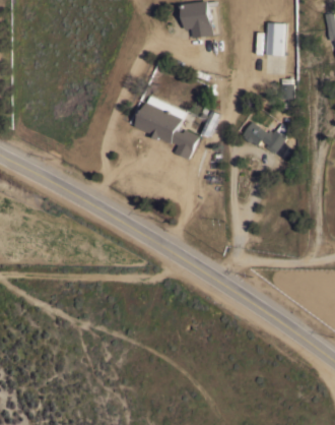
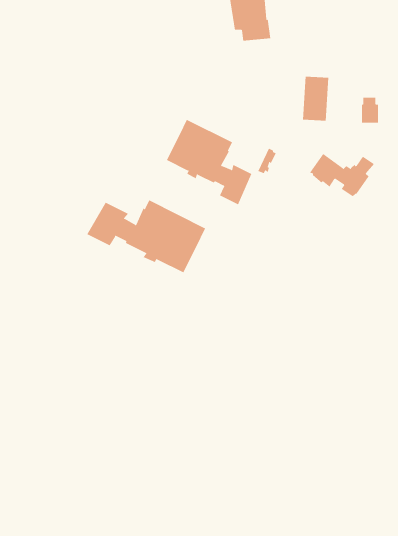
building: [265,22,285,56] -> [302,76,329,121]
building: none -> [87,200,206,273]

